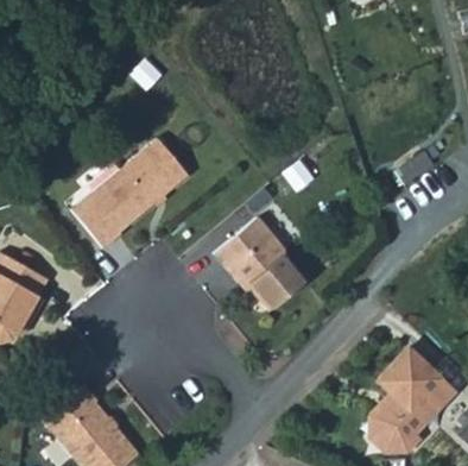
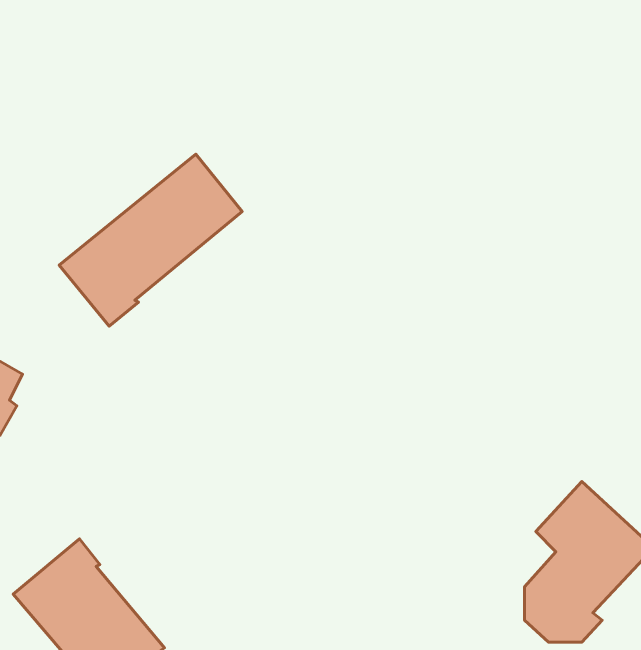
building: [214,218,306,311] -> none

